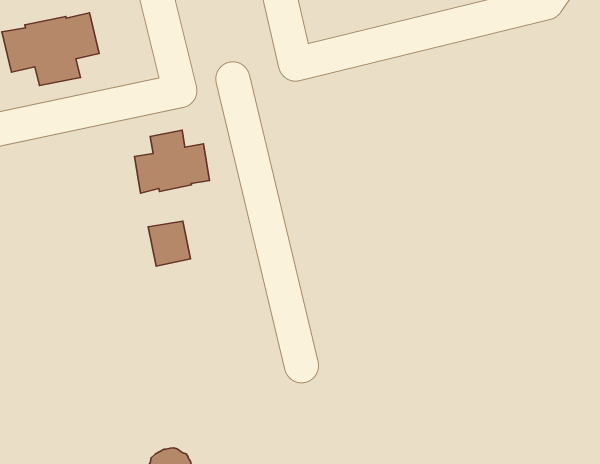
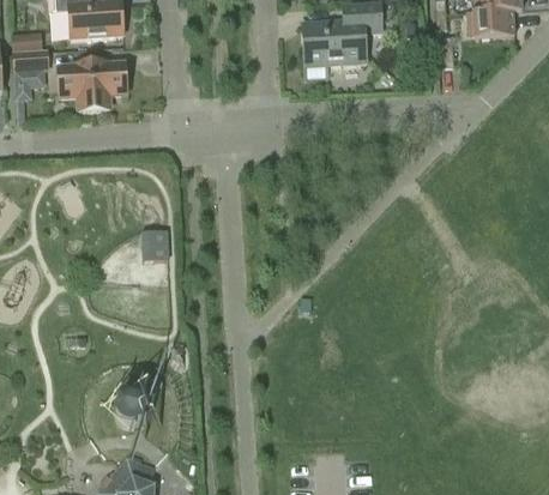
building: [134,130,210,193] -> none

